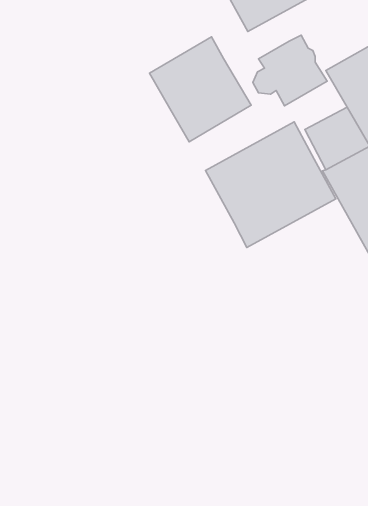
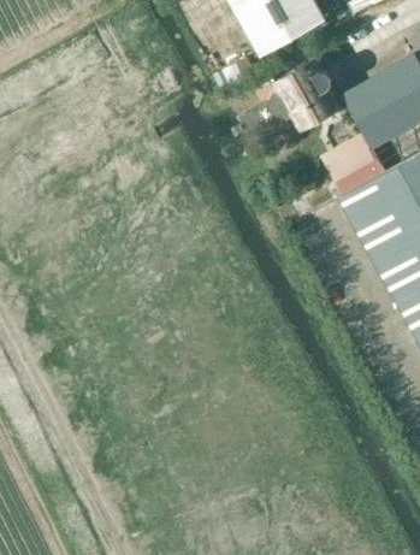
building: [149,37,251,142] -> none
building: [205,122,336,247] -> none

